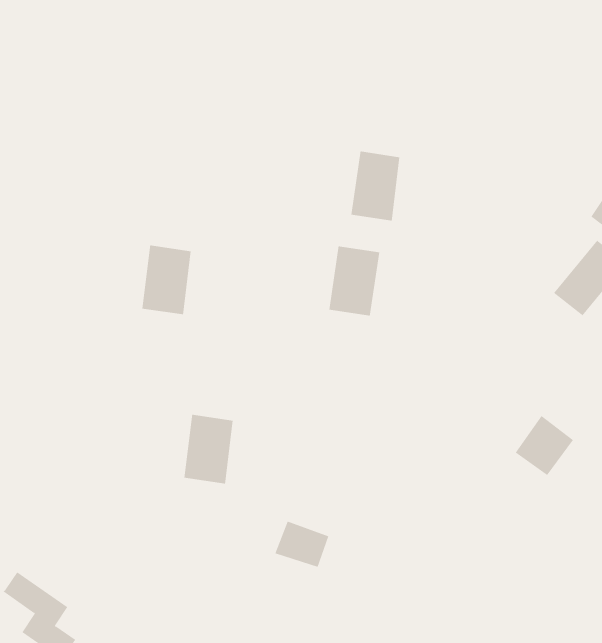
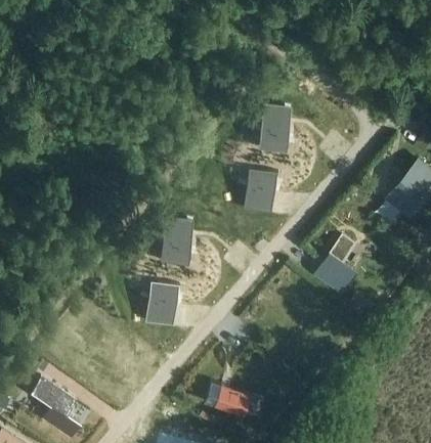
building: [142,245,191,315] -> [162,215,195,261]
building: [515,415,574,476] -> [318,251,357,291]
building: [275,521,329,567] -> [214,387,250,417]

